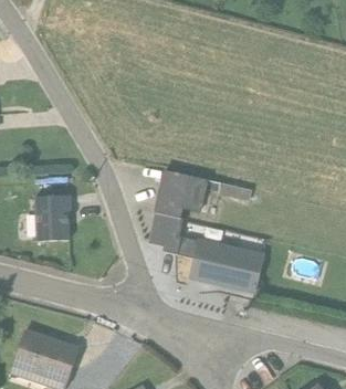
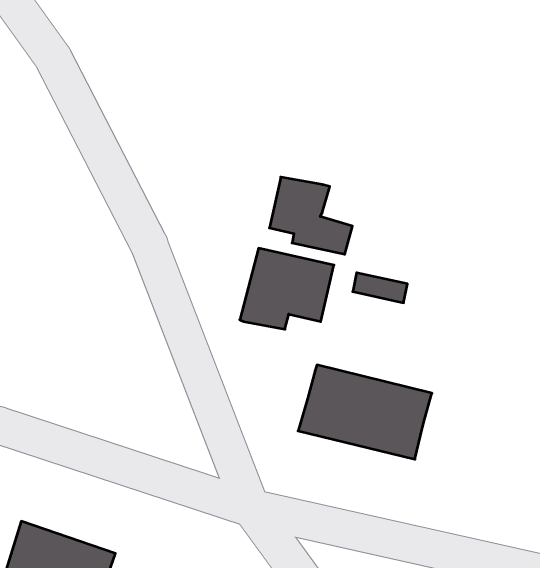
building: [34,193,71,240] -> none
building: [148,211,197,256] -> [269,177,352,254]

